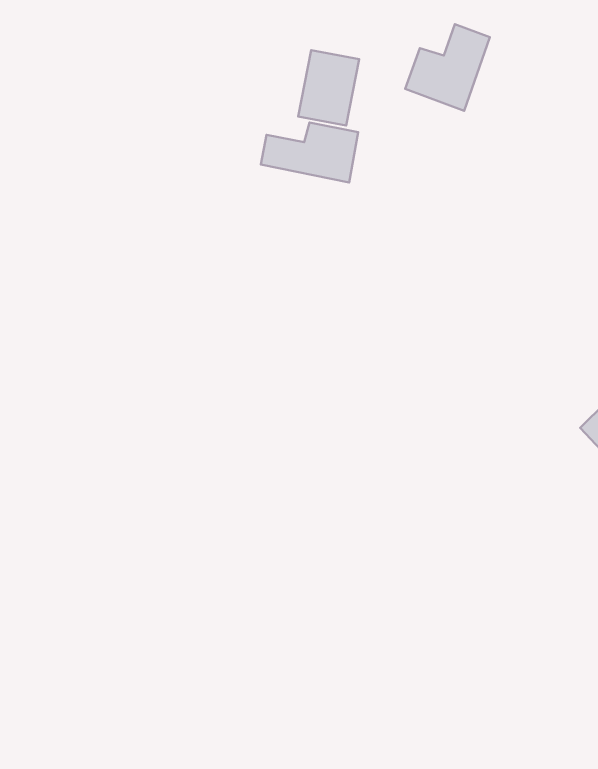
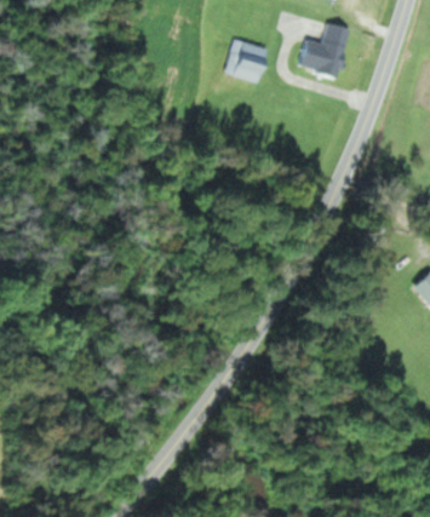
building: [261,123,358,182] -> none

